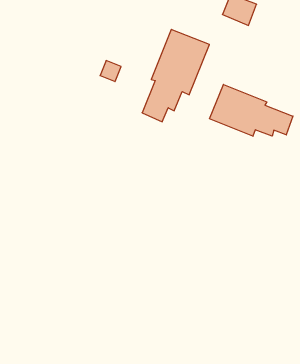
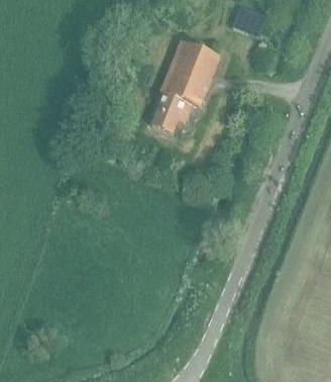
building: [209,84,293,136] -> none

